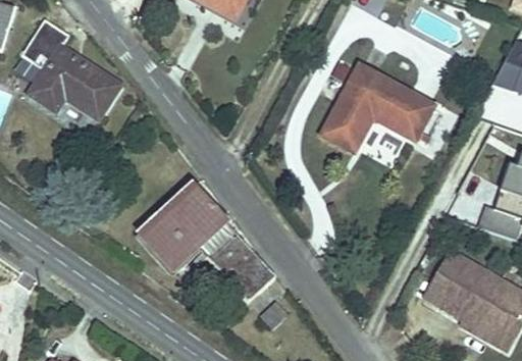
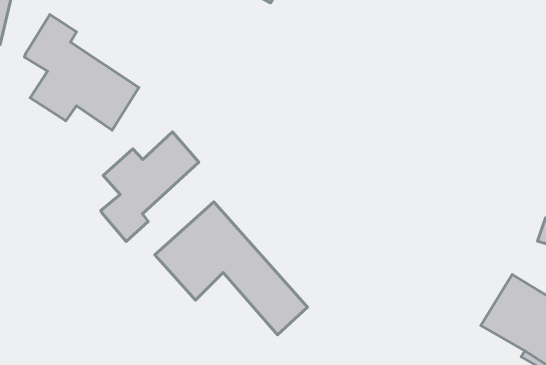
building: [322,64,438,152] -> none
building: none -> [101,132,199,241]

